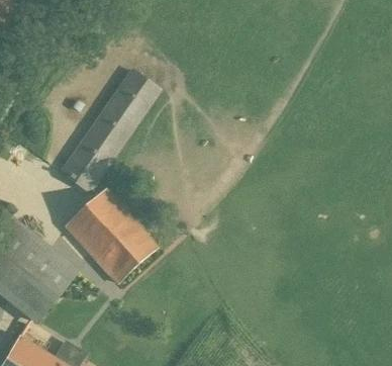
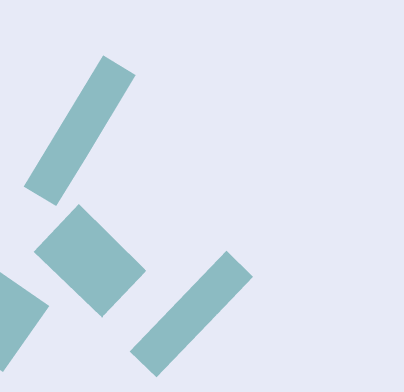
building: none -> [129,250,254,378]

